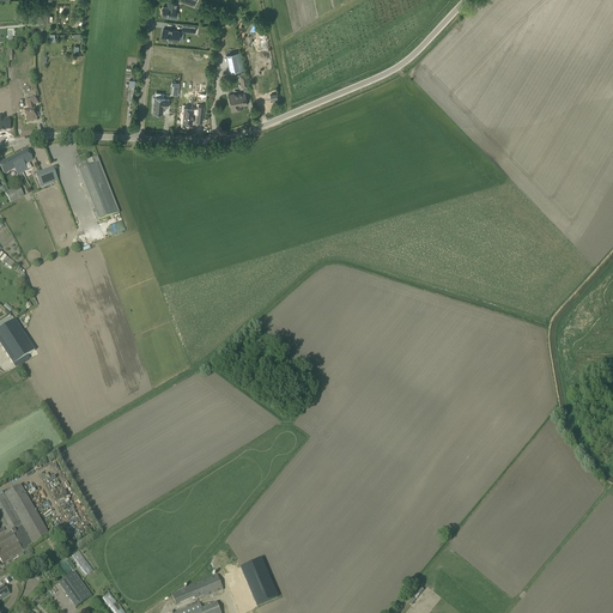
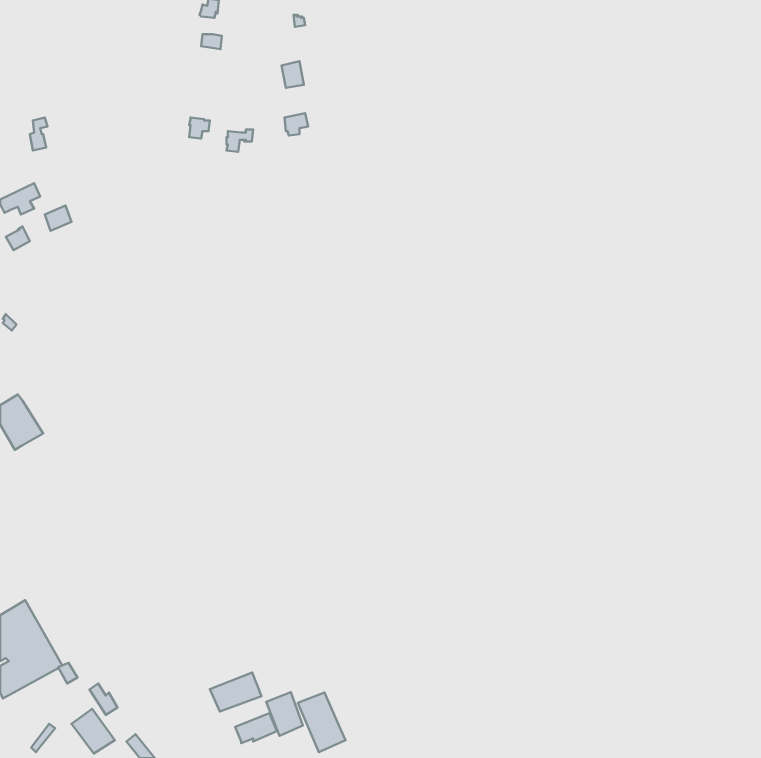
building: [75,156,119,219] -> none
building: none -> [210,673,261,711]
building: none -> [266,692,303,736]

